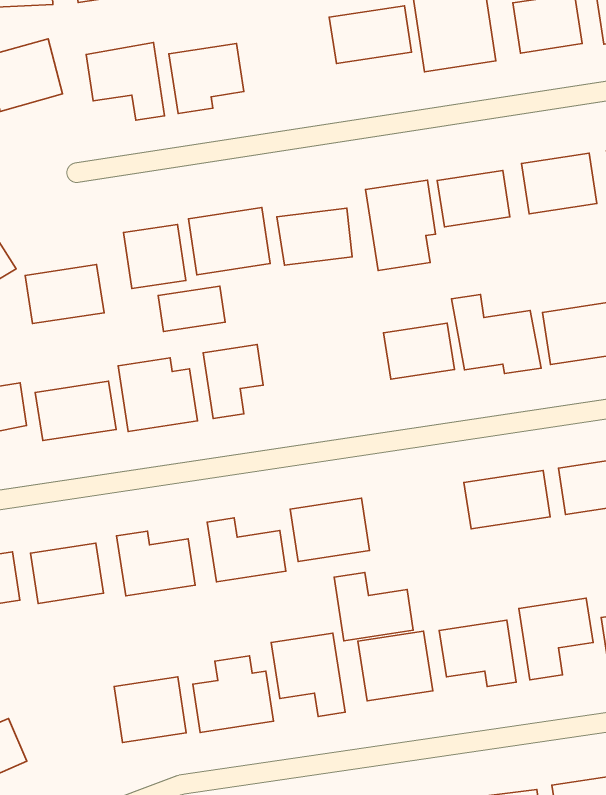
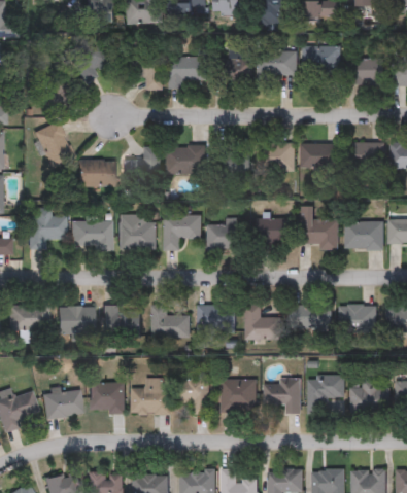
building: none -> [217,57,250,83]
building: [158,286,225,332] -> none
building: none -> [209,223,244,248]
building: [334,572,413,641] -> [245,304,282,338]
building: none -> [42,388,82,417]

